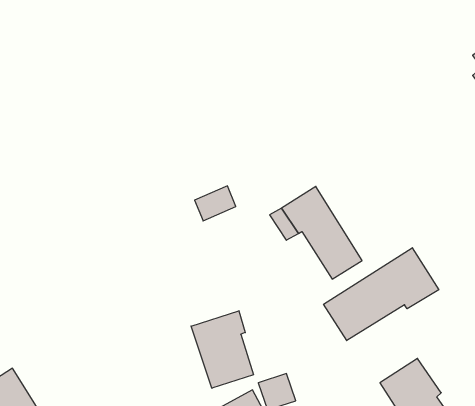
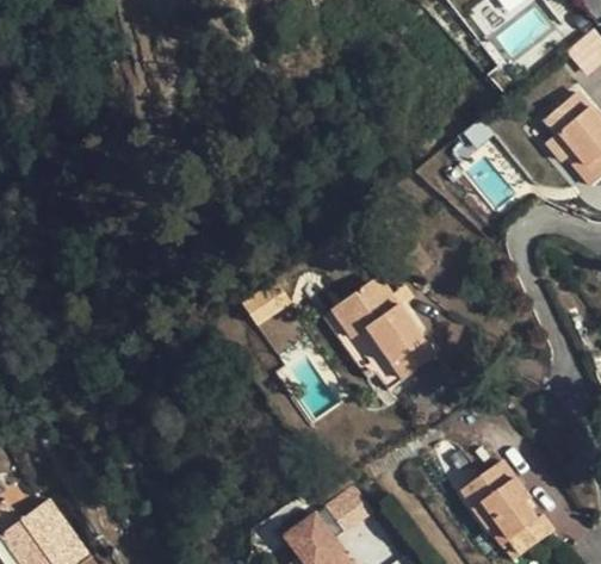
building: [324,248,439,341] -> none
building: [191,311,253,388] -> none

